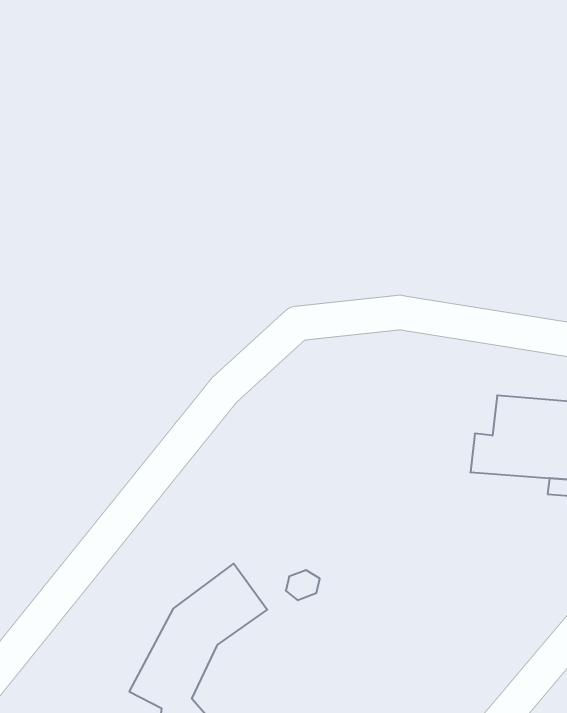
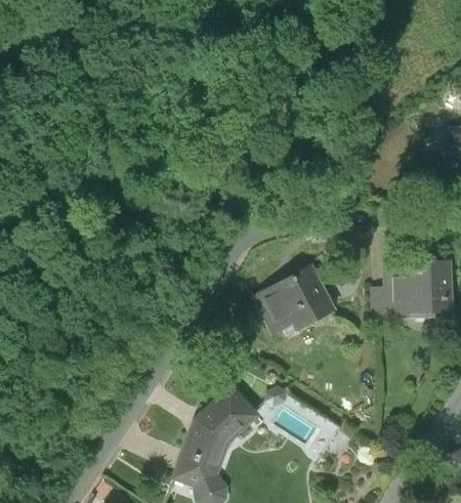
building: none -> [256,266,335,332]

